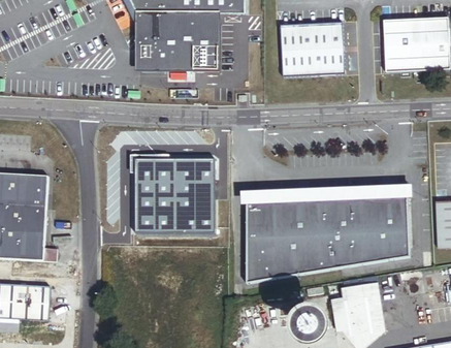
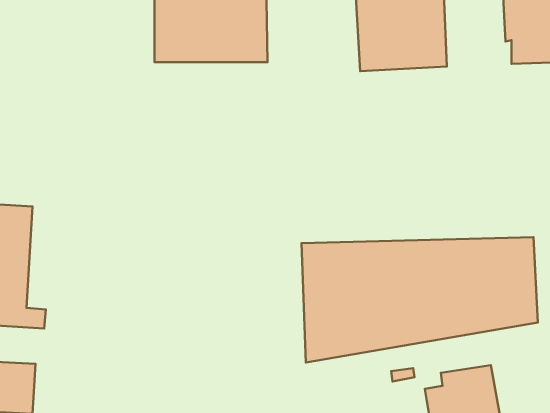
building: [131,155,215,232] -> none

